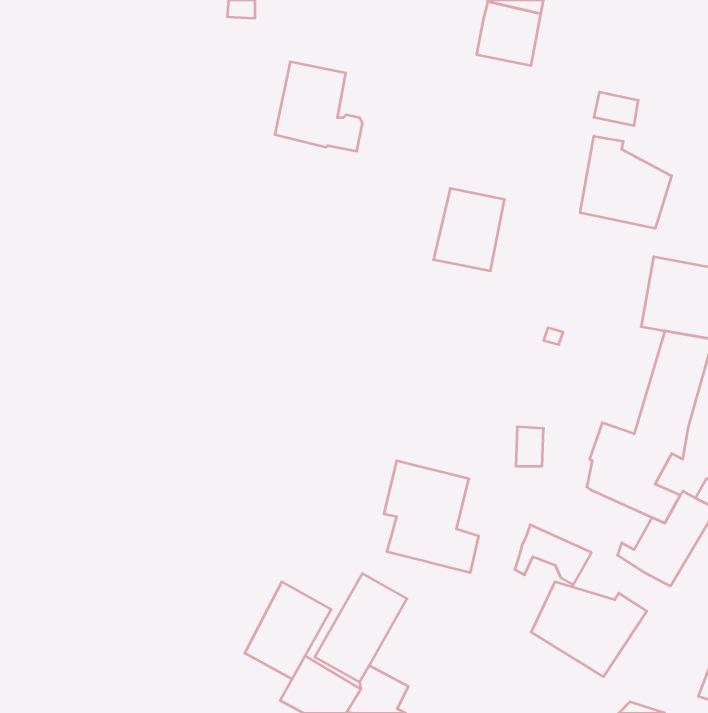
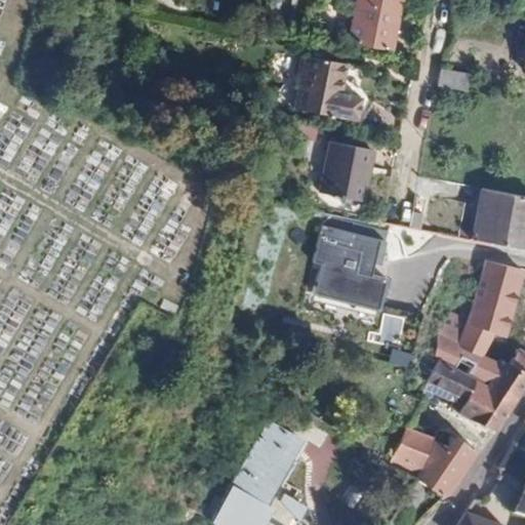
building: [275,62,363,151] -> [298,56,363,122]
building: [580,136,672,228] -> none
building: [384,461,479,572] -> [313,224,382,306]
building: [515,525,591,585] -> [427,360,483,404]
building: [245,582,331,679] -> none

